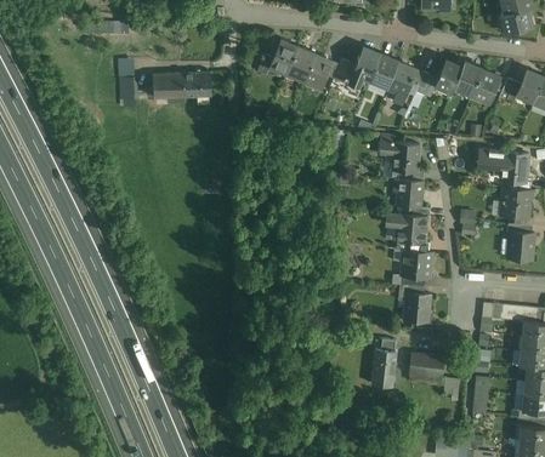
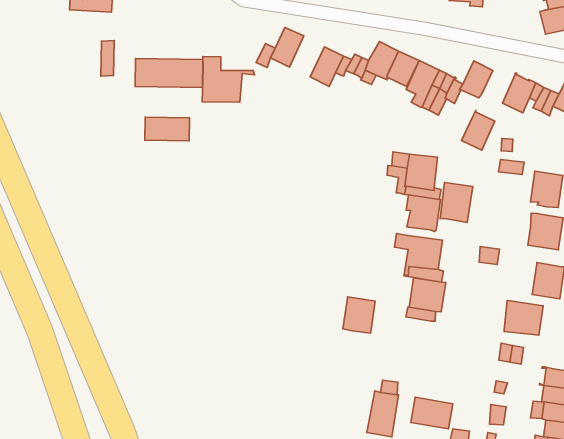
building: [285,46,314,81] -> none
building: [453,61,481,95] -> [461,110,495,150]
building: none -> [202,57,254,102]
building: none -> [145,117,190,141]
building: none -> [440,182,473,222]
building: none -> [504,300,543,335]
building: [403,292,430,322] -> [343,297,375,333]

